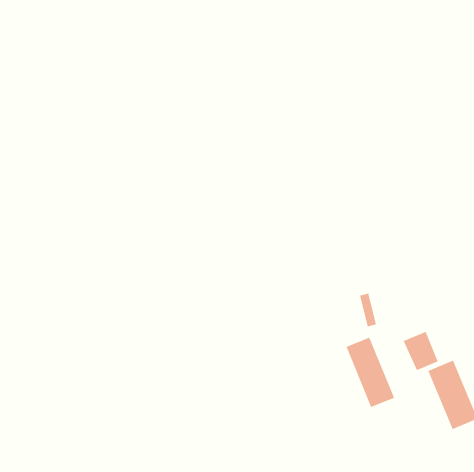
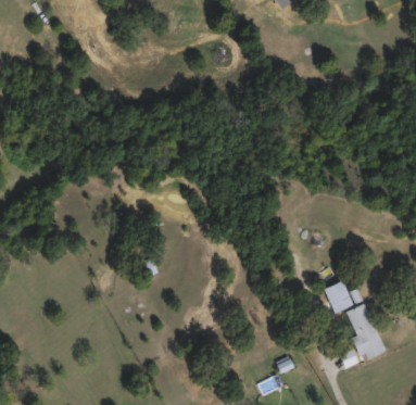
building: [346,337,395,408] -> none

